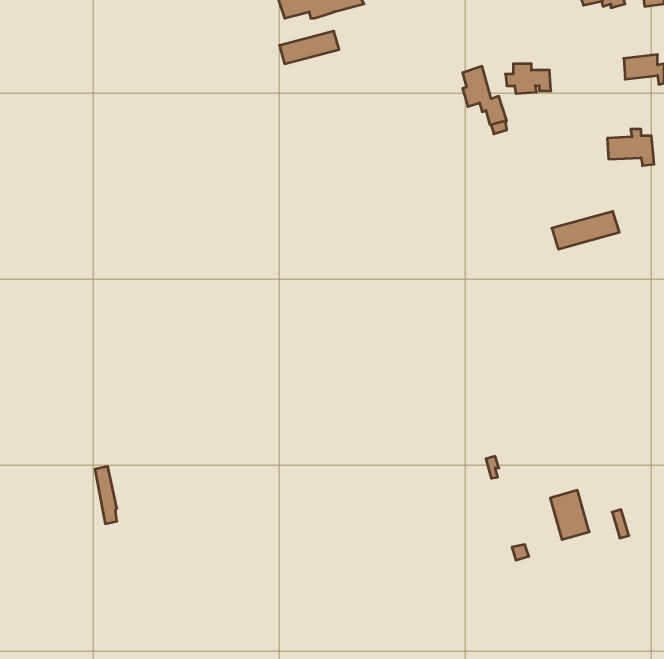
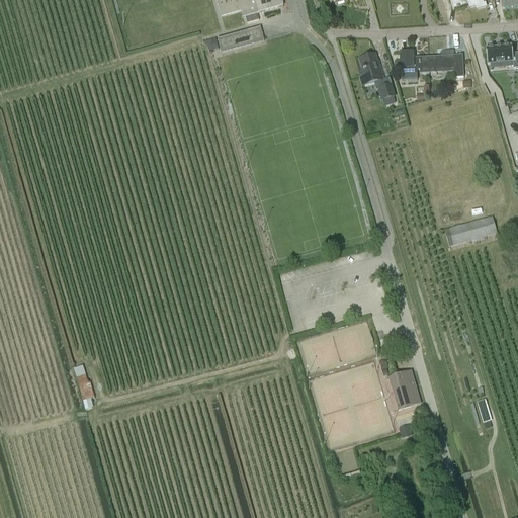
building: [607,129,654,166] -> [428,48,464,76]
building: [552,211,619,249] -> [444,214,497,244]
building: [550,490,589,540] -> [390,369,420,408]

